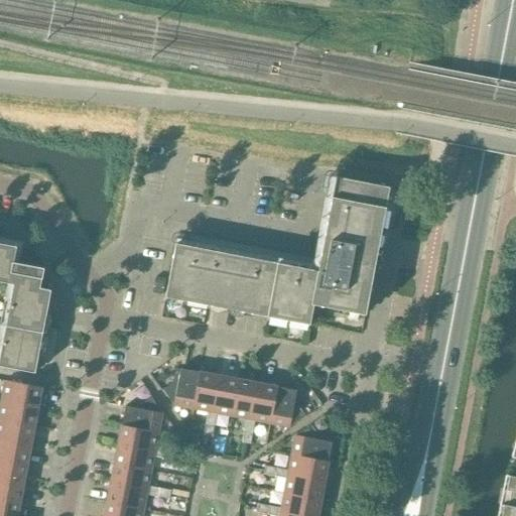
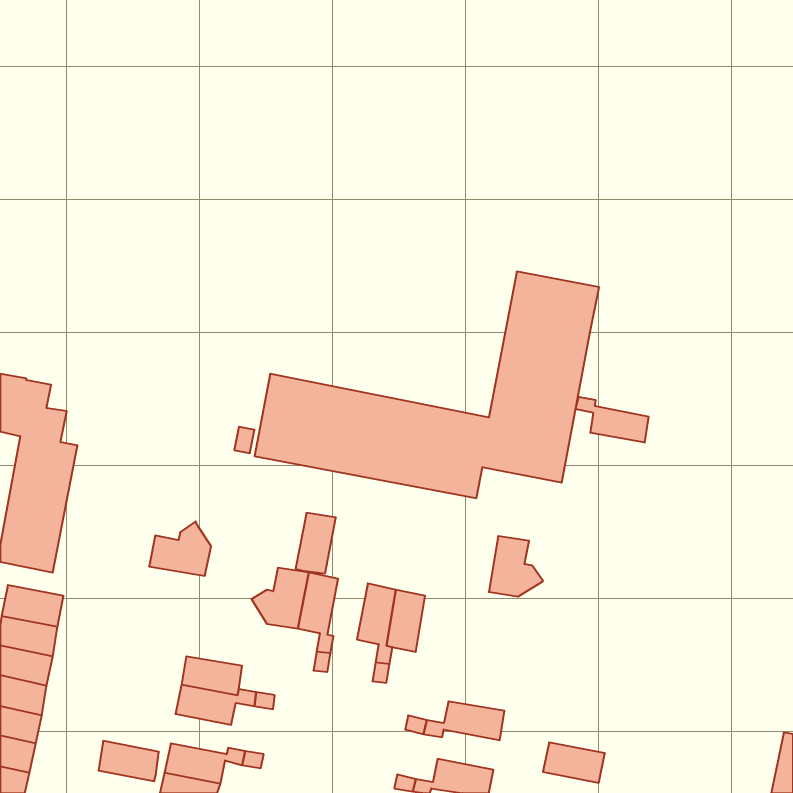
building: none -> [576,397,648,443]
building: [213,376,239,415] -> [296,513,336,573]
building: [270,387,305,426] -> [489,536,543,597]
building: [121,397,161,432] -> [149,521,211,576]
building: [291,424,332,462] -> none
building: [111,464,150,490] -> [98,741,159,781]
building: [284,474,325,500] -> [543,742,605,783]

